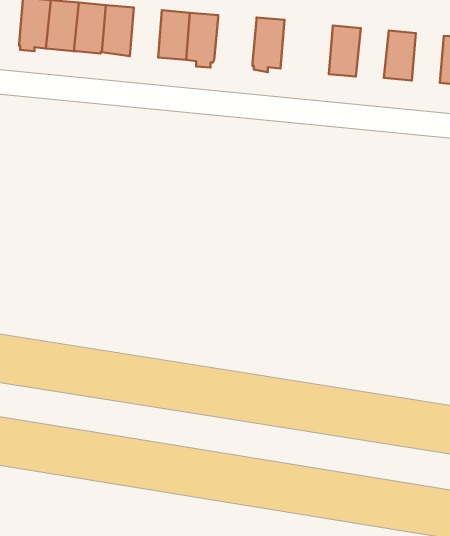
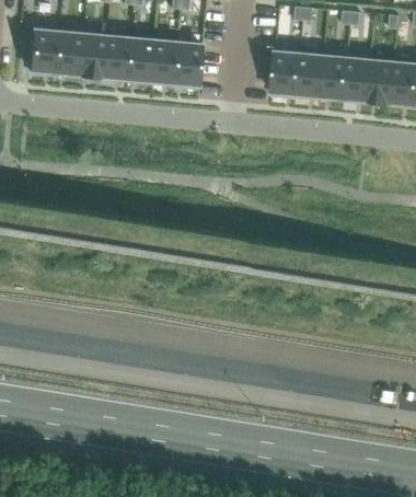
building: none -> [126,37,153,80]
building: [253,17,284,72] -> [273,50,300,97]
building: none -> [320,55,348,97]
building: none -> [368,59,395,102]

